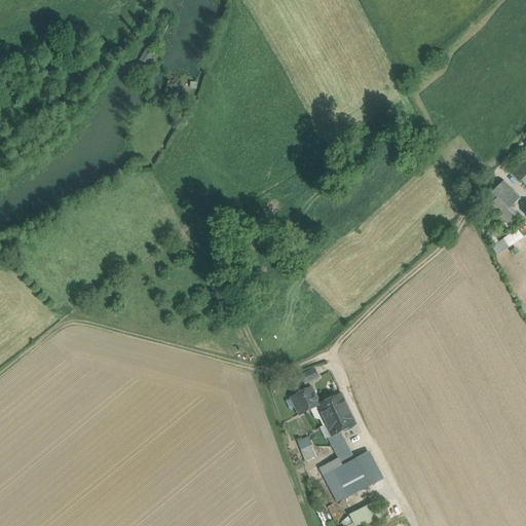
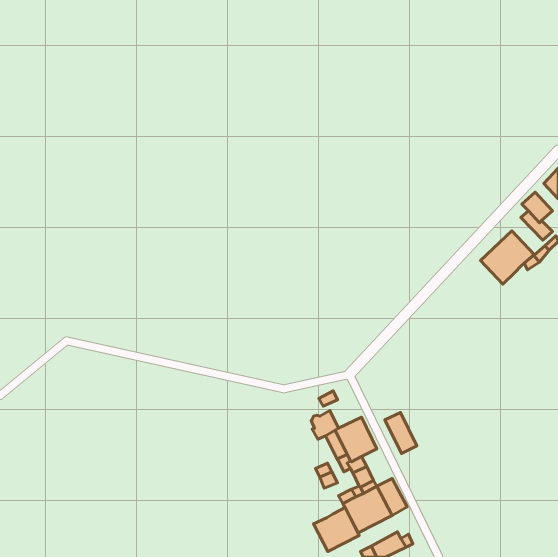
building: none -> [481,231,534,284]
building: none -> [385,413,417,454]
building: none -> [314,508,359,552]

